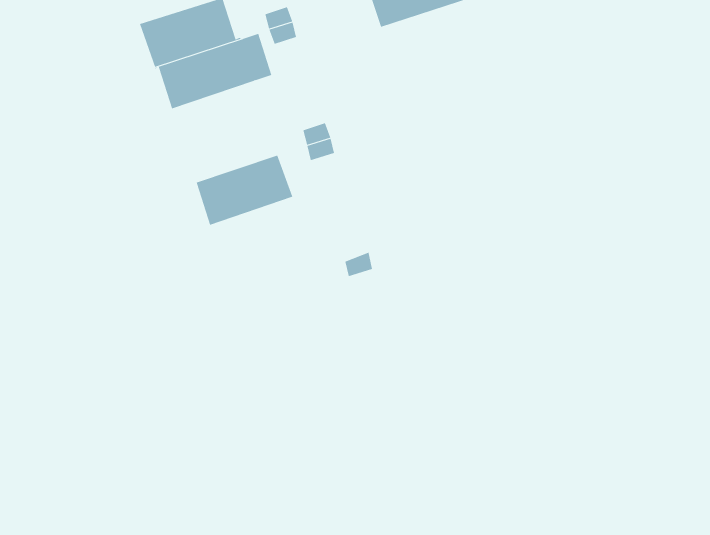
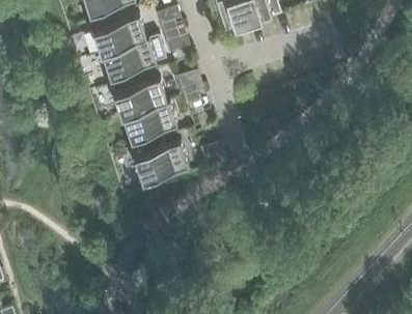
building: none -> [113,79,168,117]
building: none -> [134,142,188,180]

